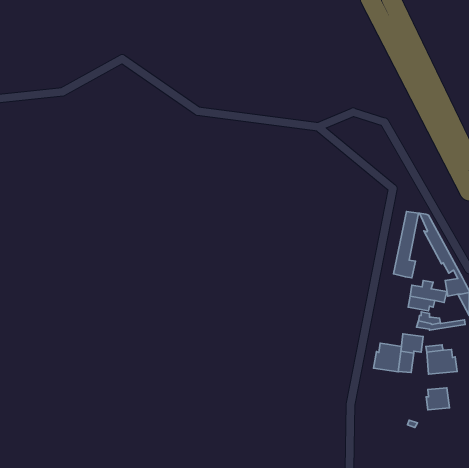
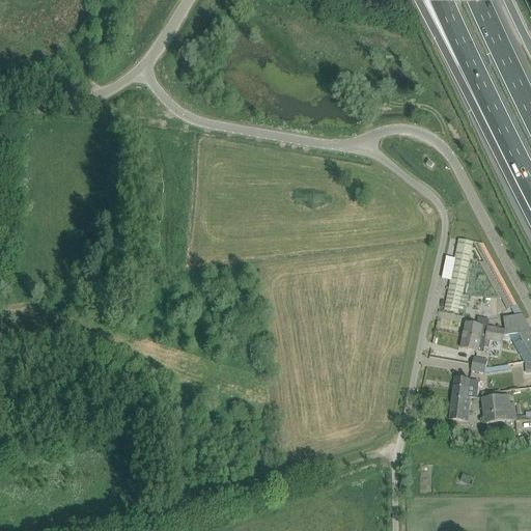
building: [374,343,401,372] -> none
building: [426,388,449,410] -> none

